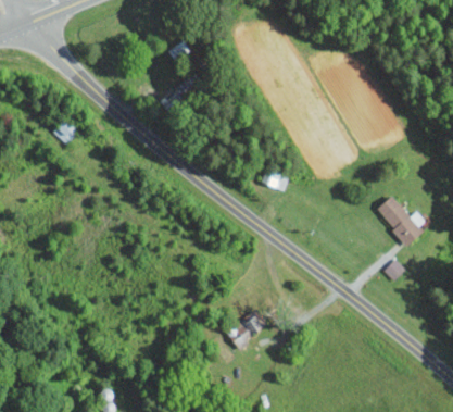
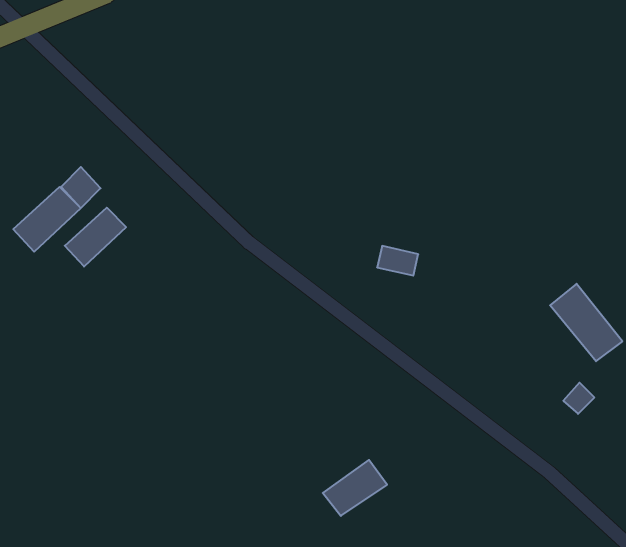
building: none -> [13,187,81,252]
building: none -> [65,208,126,267]

